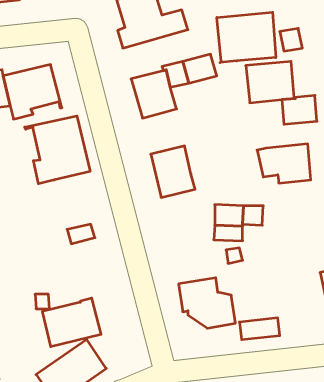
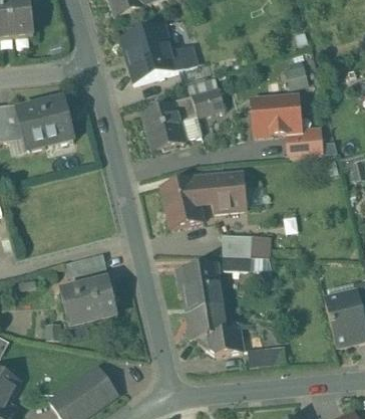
building: [217,12,276,63] -> none
building: [25,116,90,184] -> none
building: [257,144,311,183] -> [194,172,246,210]
building: none -> [177,265,224,311]
building: [42,298,101,347] -> [60,276,117,324]

